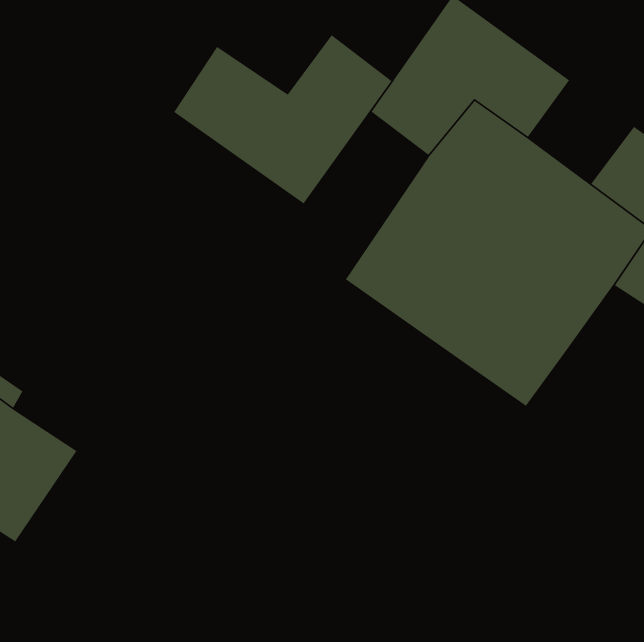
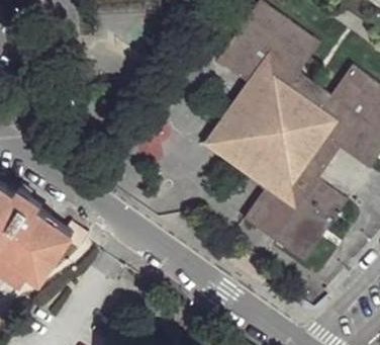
building: [173,34,392,204] -> none
building: none -> [244,180,345,259]

